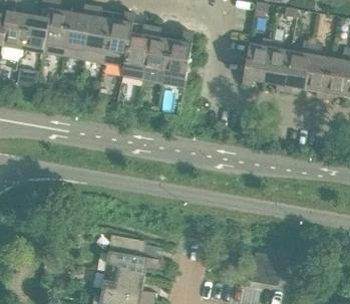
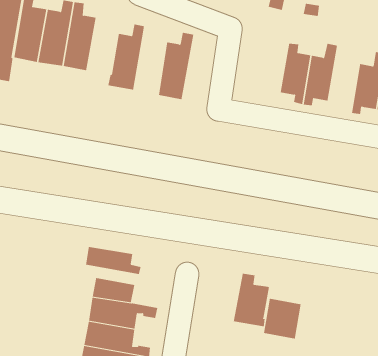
building: [104,11,134,66] -> none
building: [143,26,170,83] -> none
building: [242,38,272,85] -> none
building: [305,42,331,98] -> none
building: none -> [86,246,141,275]
building: none -> [233,273,269,327]

